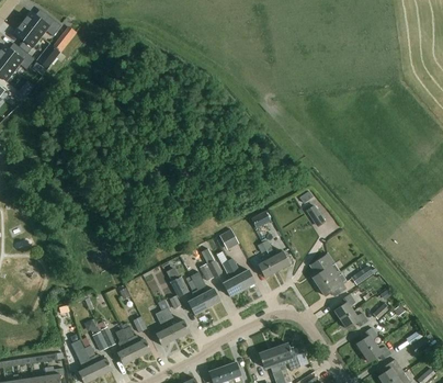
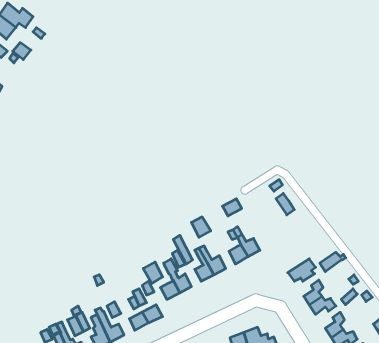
building: [309,252,340,286] -> none

